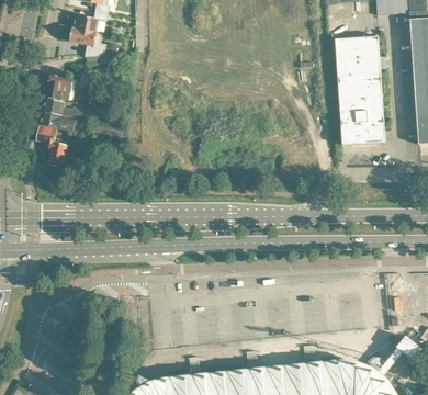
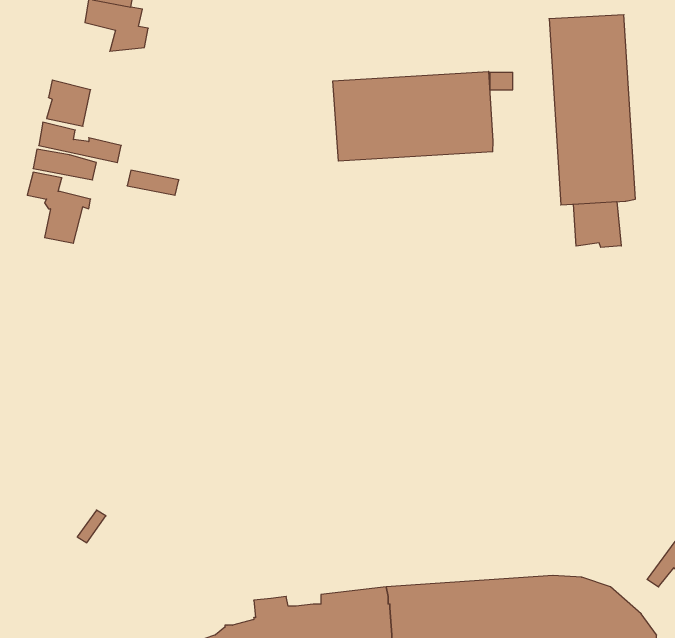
building: none -> [333,71,493,161]
building: none -> [574,202,621,247]

